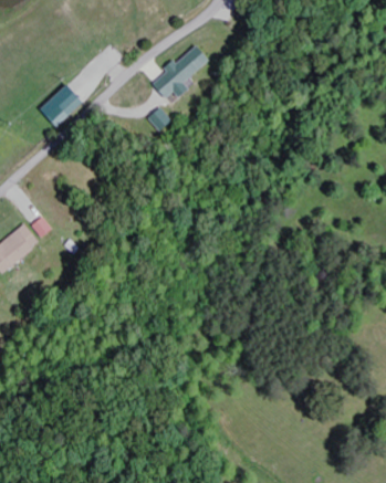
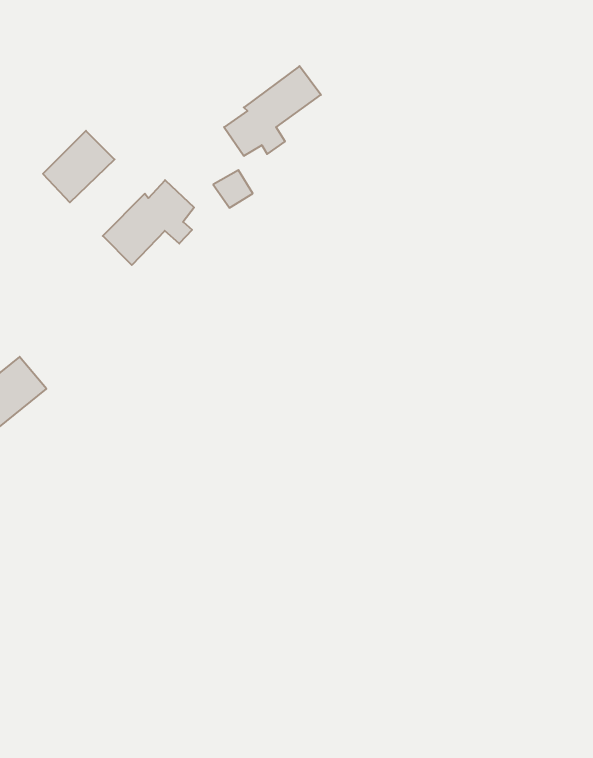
building: none -> [103,180,194,265]

